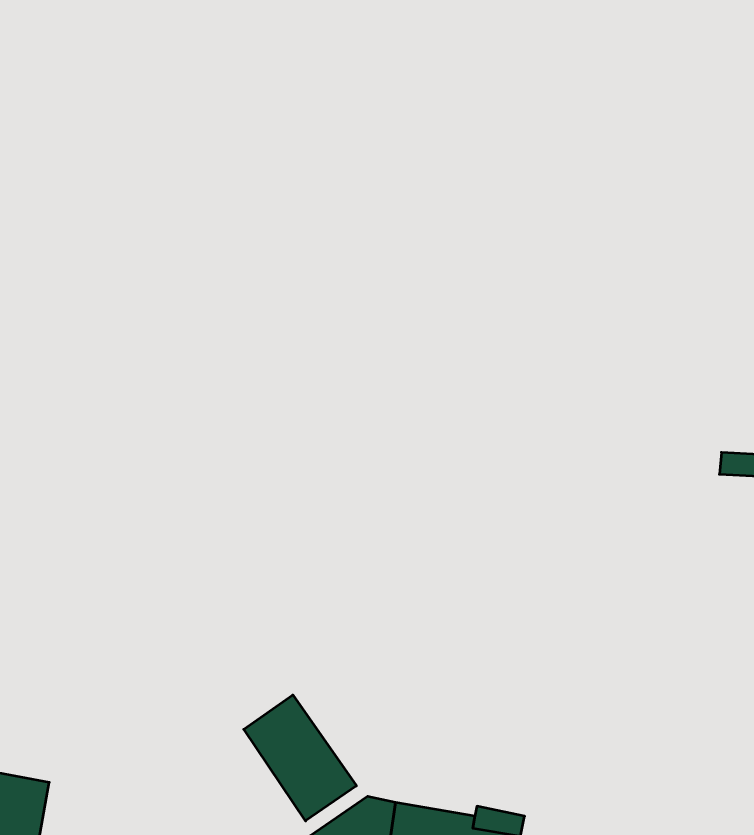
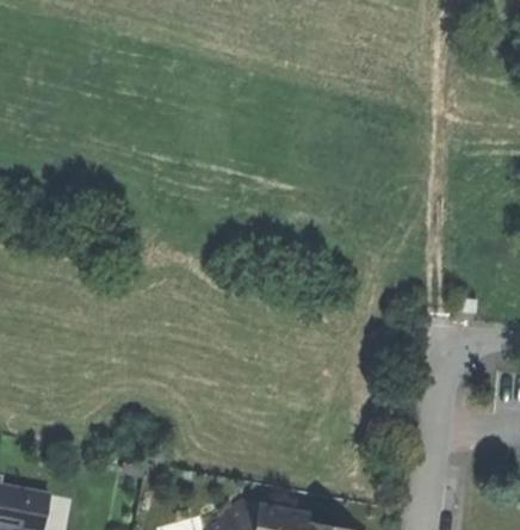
building: [244,695,356,821] -> none

